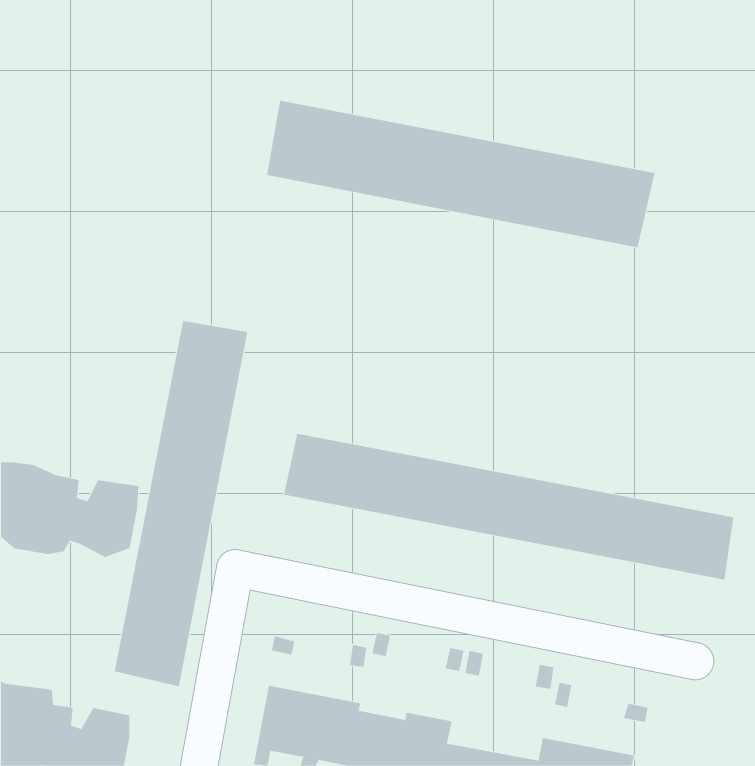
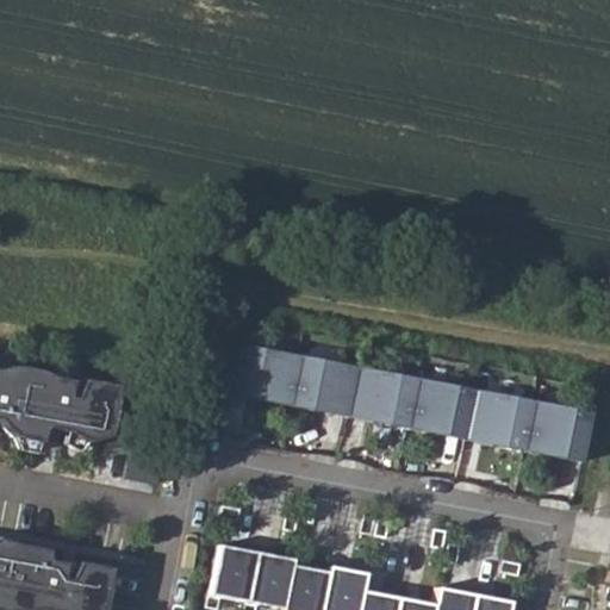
building: [267,100,655,248] -> none
building: [114,320,248,687] -> none

